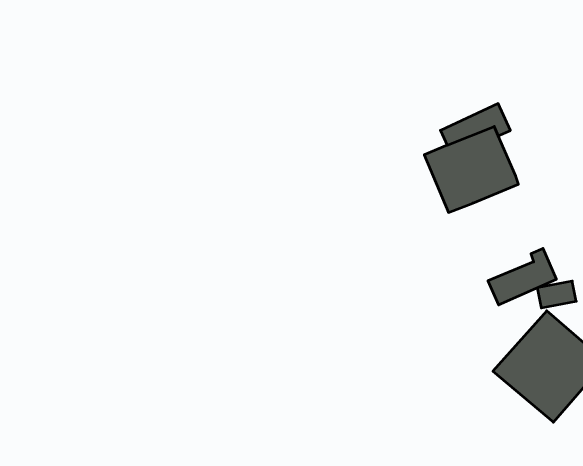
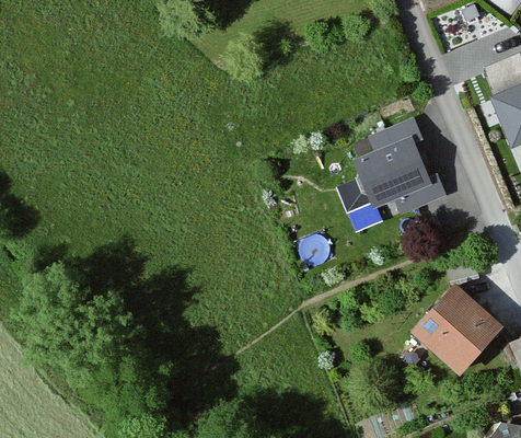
building: [488,248,556,305] -> [394,170,450,216]

